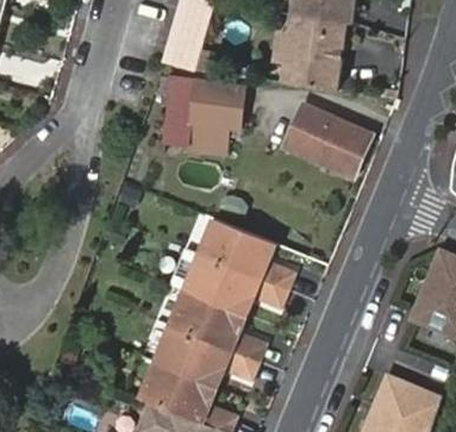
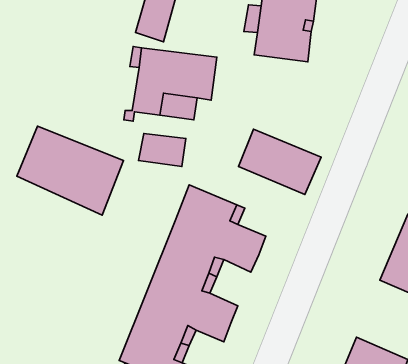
building: [285,109,369,176] -> [239,129,321,194]
building: none -> [17,126,123,215]
building: none -> [138,134,186,166]

